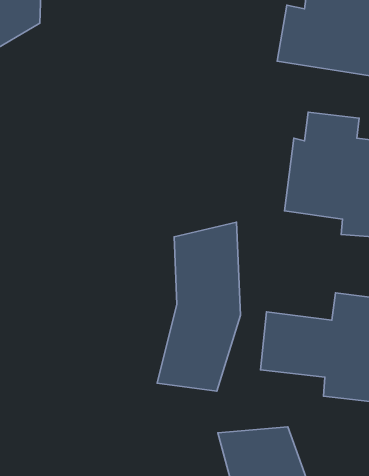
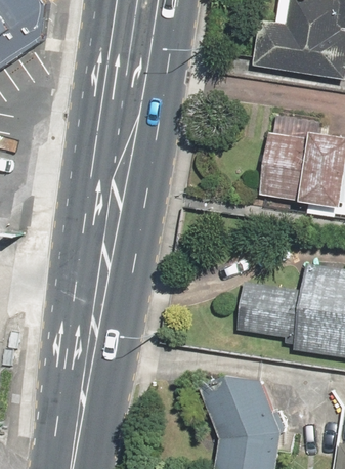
building: [157,222,240,391] -> none

